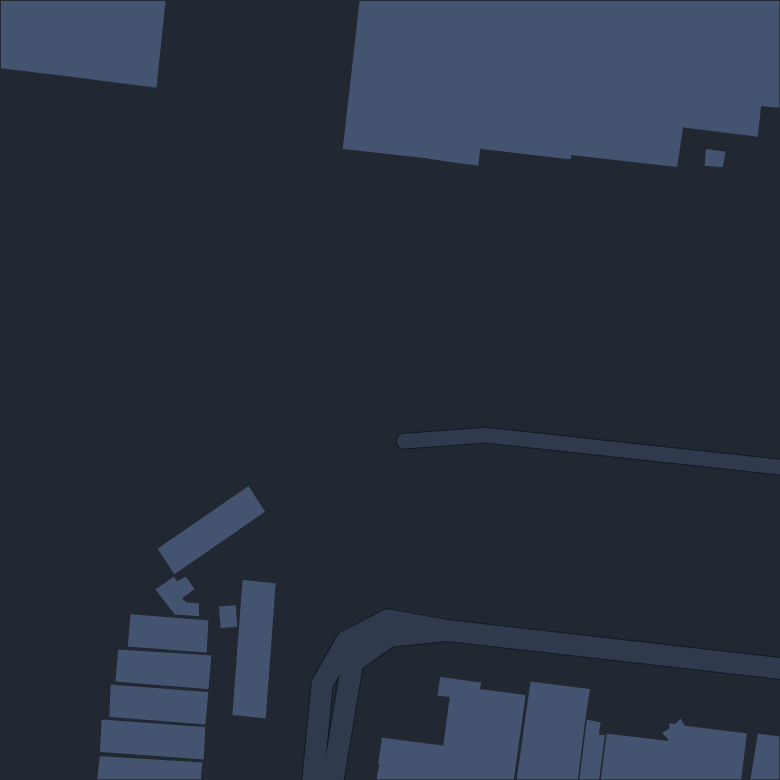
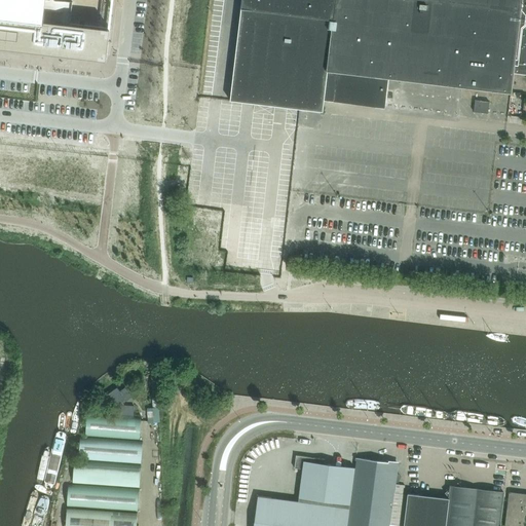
building: [157,485,266,575] -> none
building: [231,579,277,719] -> none

